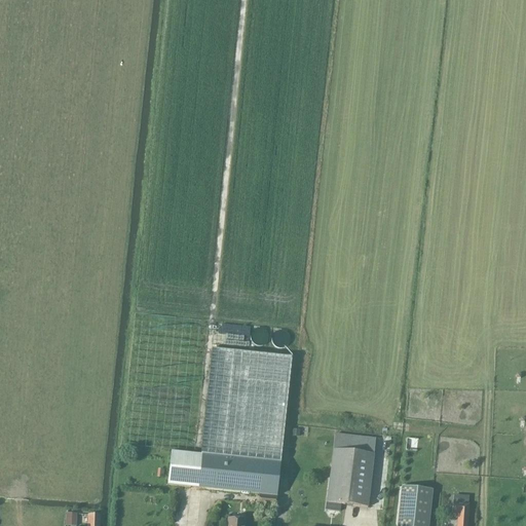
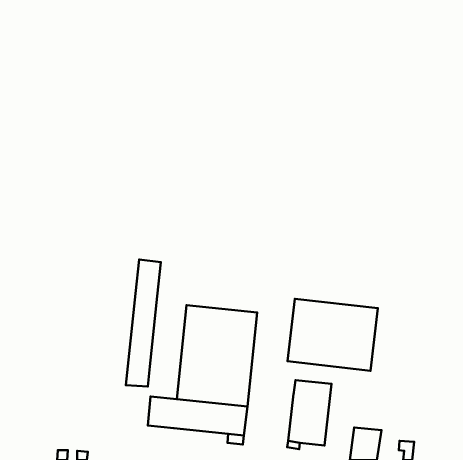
building: none -> [126,260,161,387]
building: none -> [287,299,378,371]

